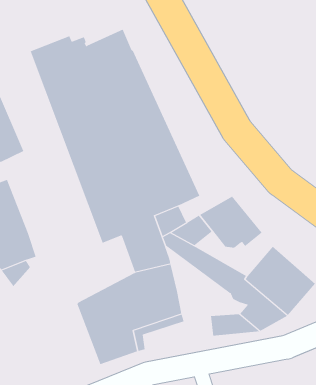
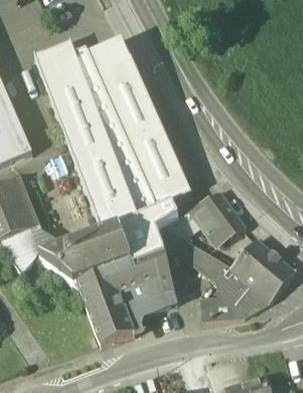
building: none -> [39,227,132,287]

